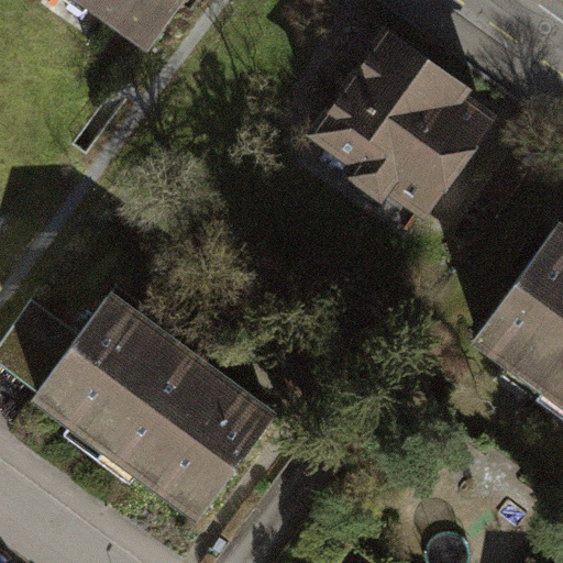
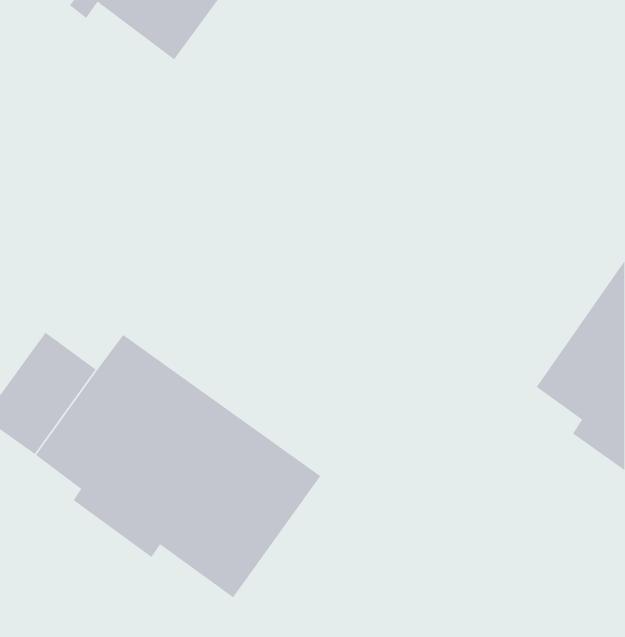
building: [312,27,512,224] -> none

